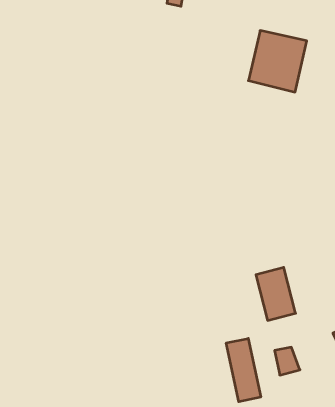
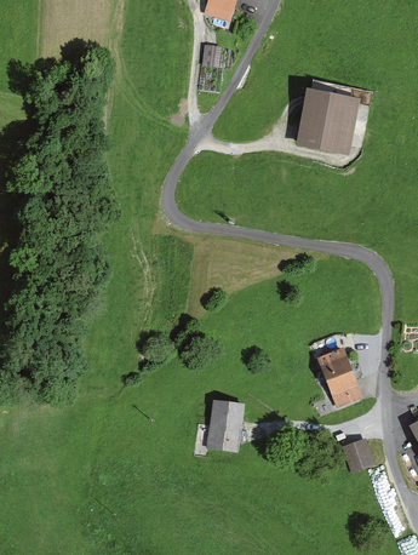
building: none -> [207,395,244,445]
building: [226,338,261,402] -> none

